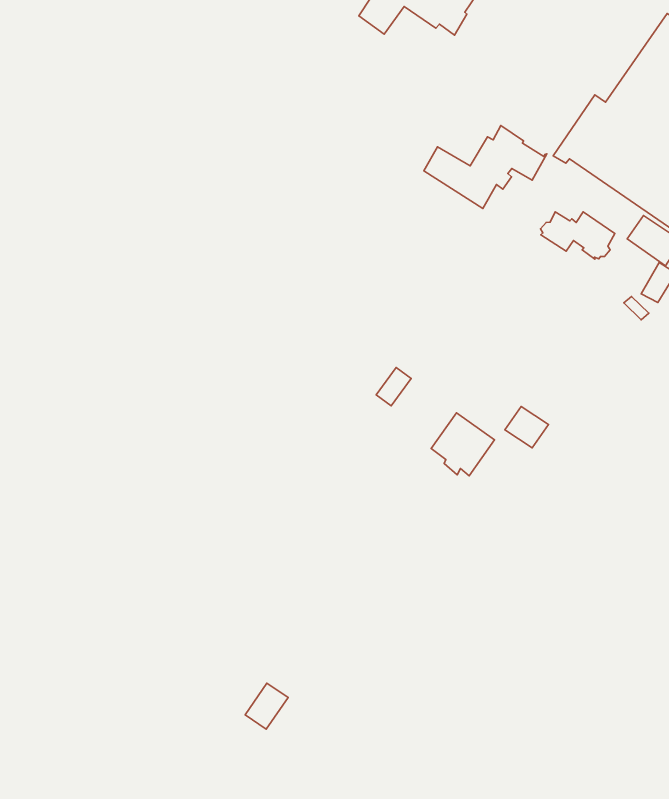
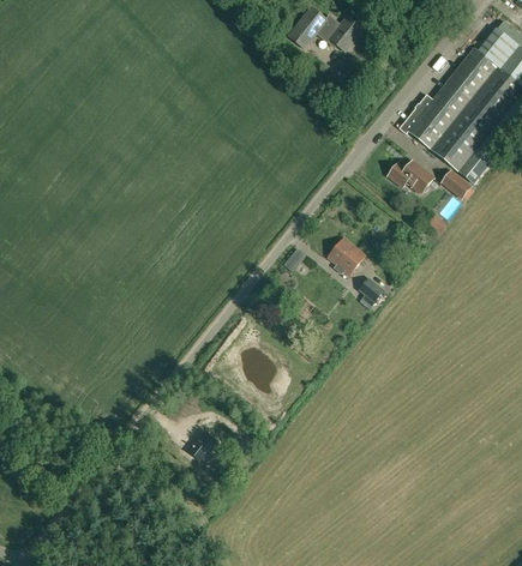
building: [424,125,547,209] -> none
building: [431,413,495,476] -> [326,236,365,275]

